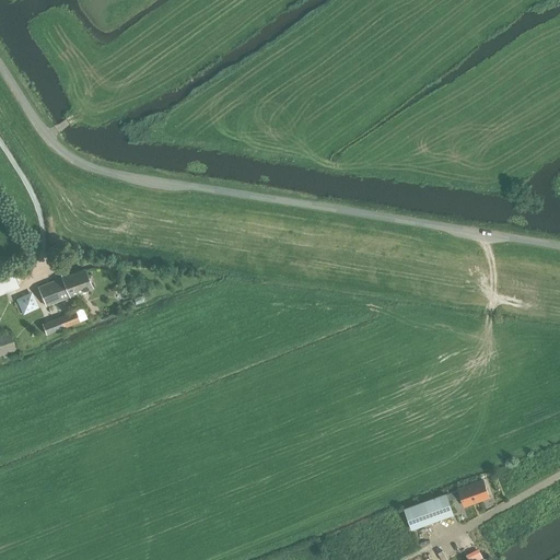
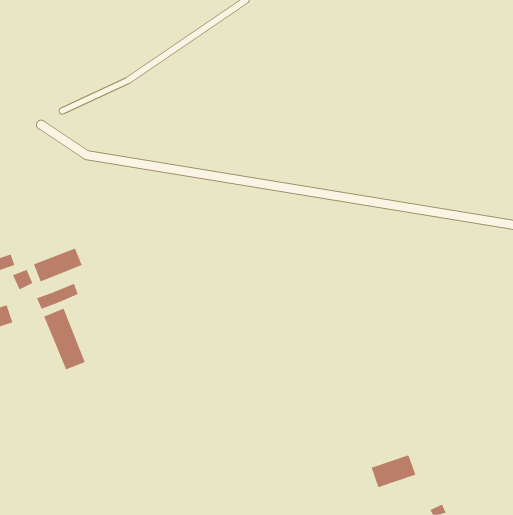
building: none -> [44,308,85,370]
building: [444,479,488,506] -> none

